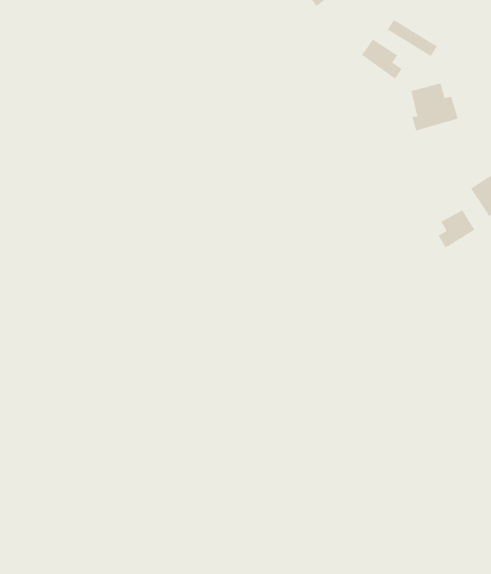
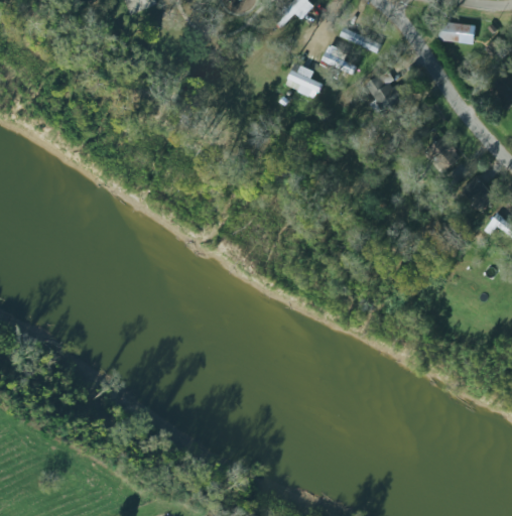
building: none -> [286,63,324,94]
building: [438,209,475,248] -> none

